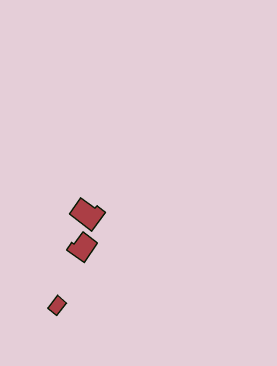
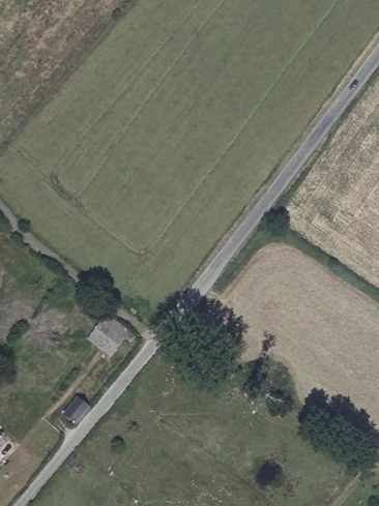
building: [70,198,105,231] -> none

